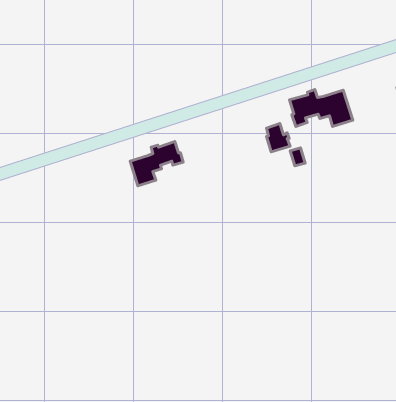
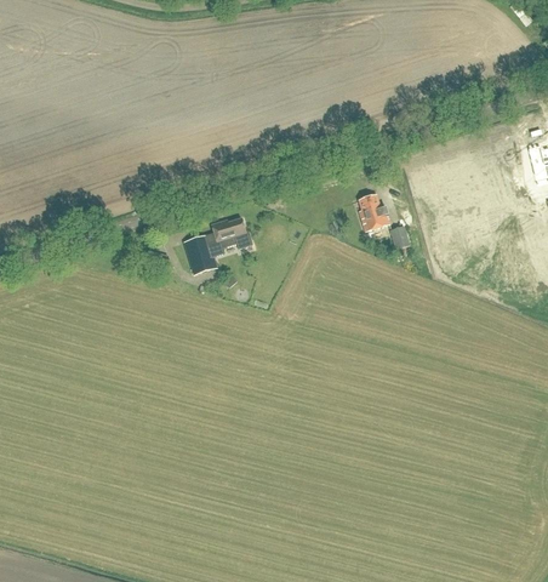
building: [290,90,353,126] -> none

